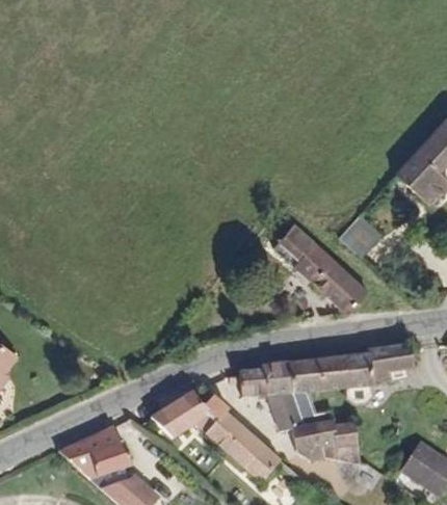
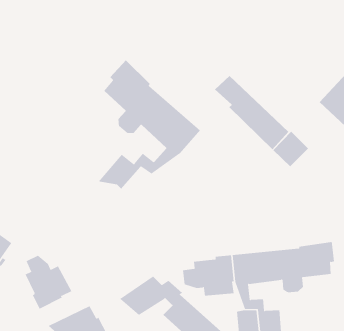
building: none -> [98,60,201,189]
building: [279,221,371,314] -> [214,75,289,150]
building: none -> [25,255,72,310]

